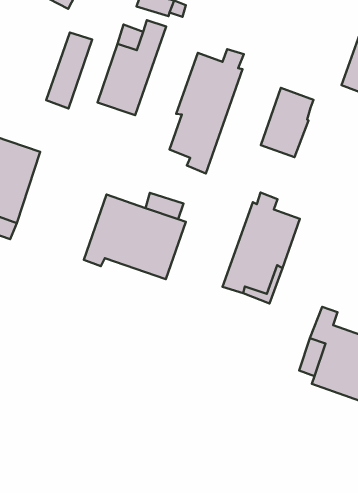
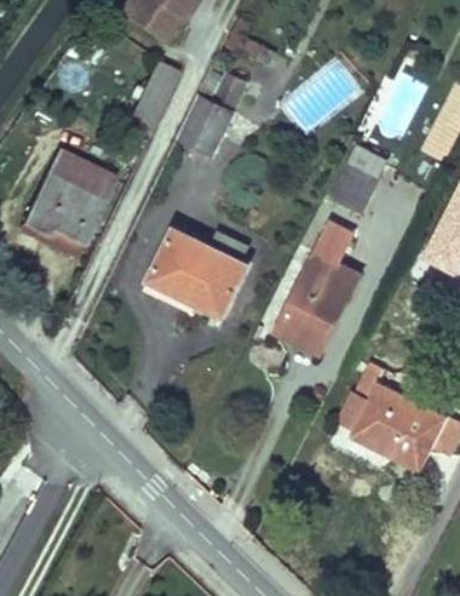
building: [169,49,244,174] -> none

